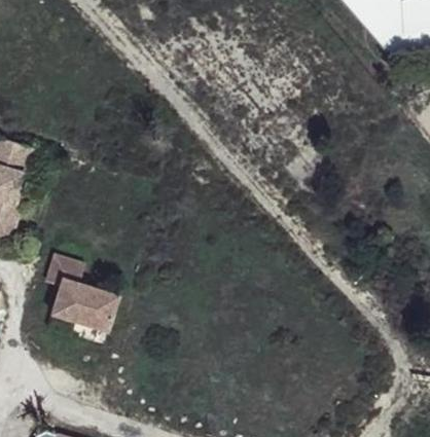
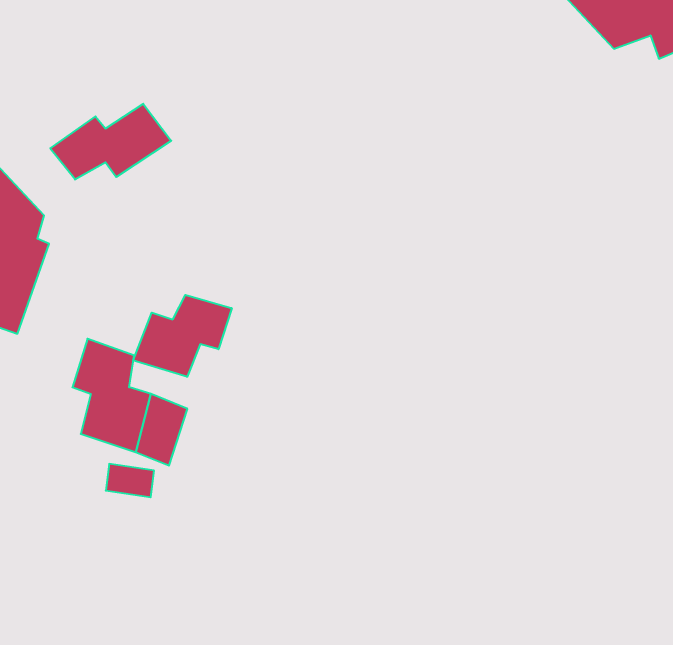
building: none -> [50,104,171,180]
building: none -> [133,295,232,377]

